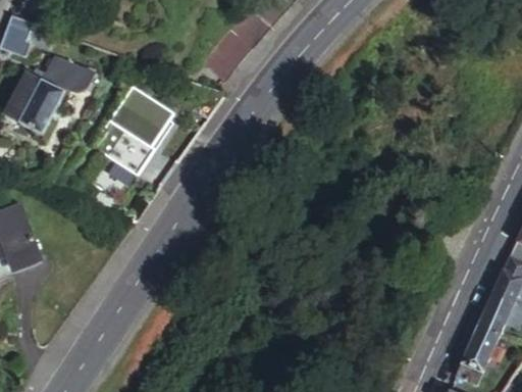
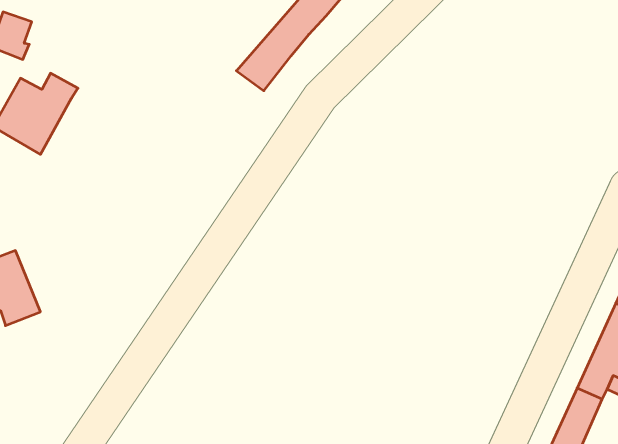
building: [49,55,95,91] -> none
building: [95,85,172,171] -> none

